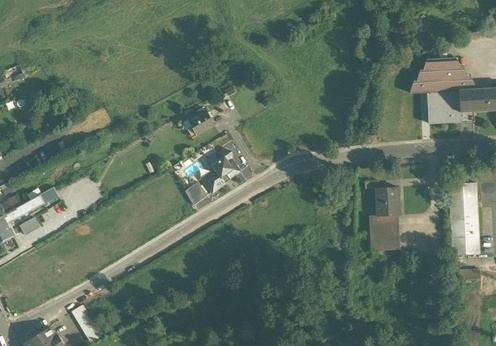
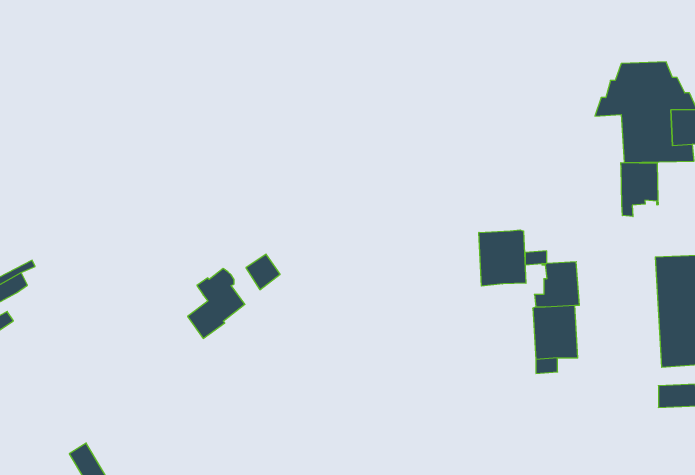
building: [188,108,214,137] -> none
building: none -> [621,163,658,217]
building: [202,148,239,193] -> [188,269,245,338]
building: none -> [479,230,526,286]

